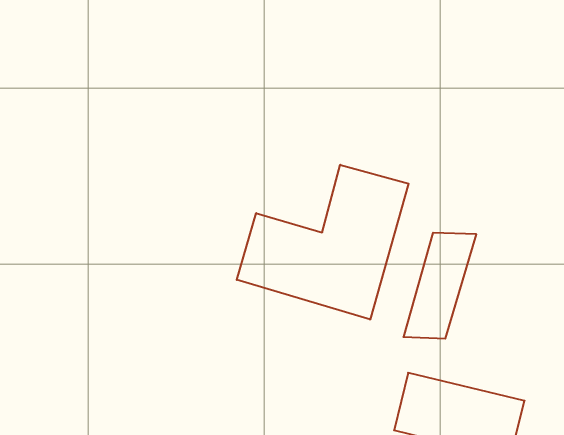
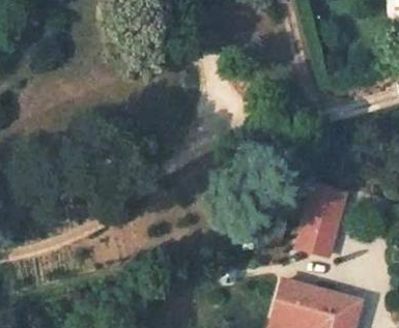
building: [237,165,409,320] -> none

